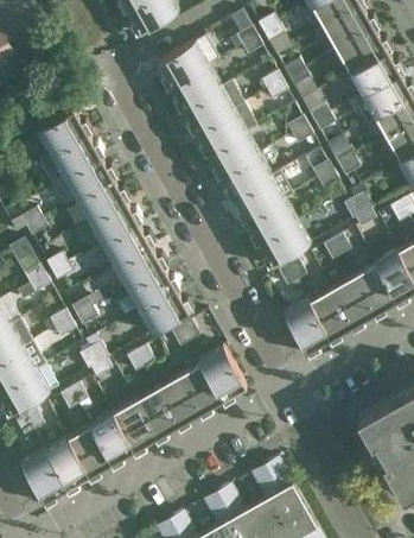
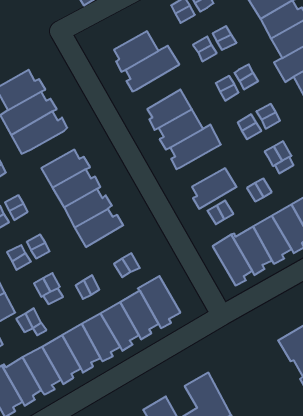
building: [157,34,219,89] -> none
building: [196,103,256,157] -> none
building: [75,179,129,222] -> none
building: [246,200,297,246] -> none
building: [138,290,192,334] -> none

